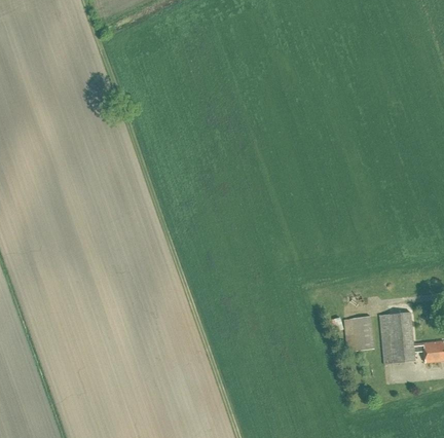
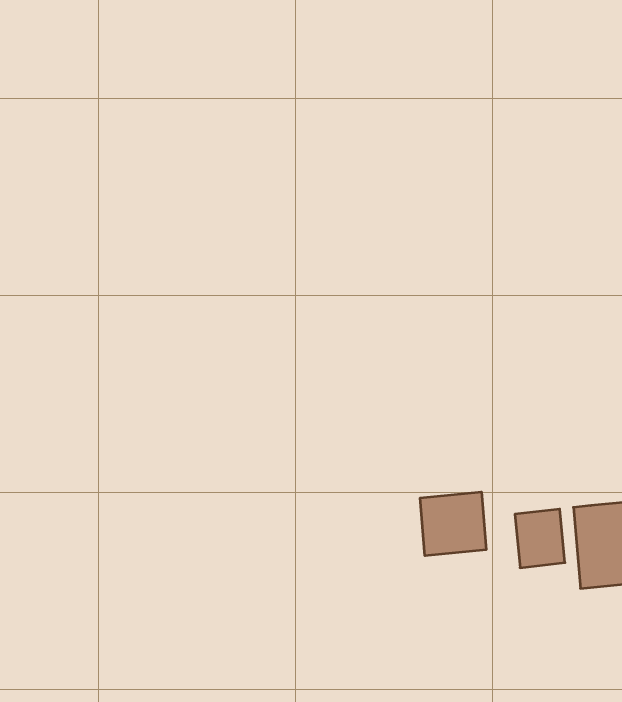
building: none -> [420,492,486,556]

